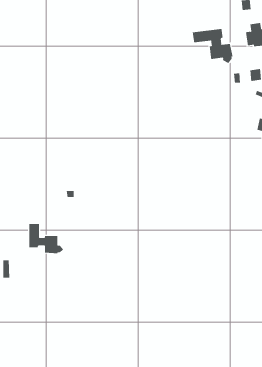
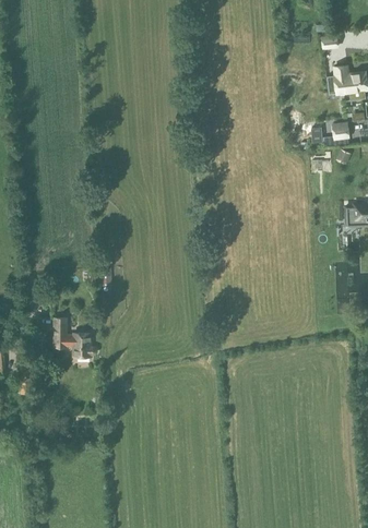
building: [192,28,233,64] -> none

